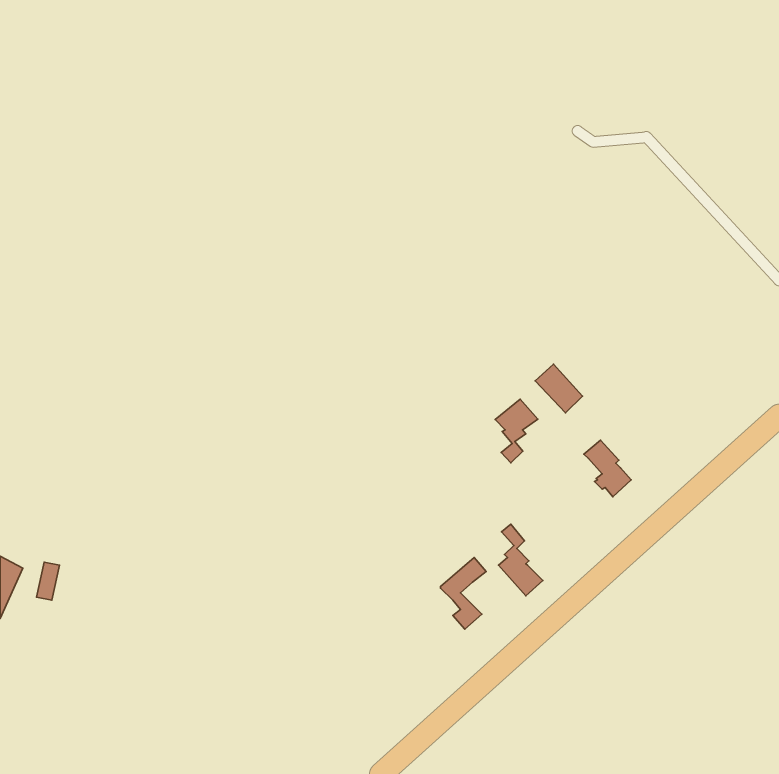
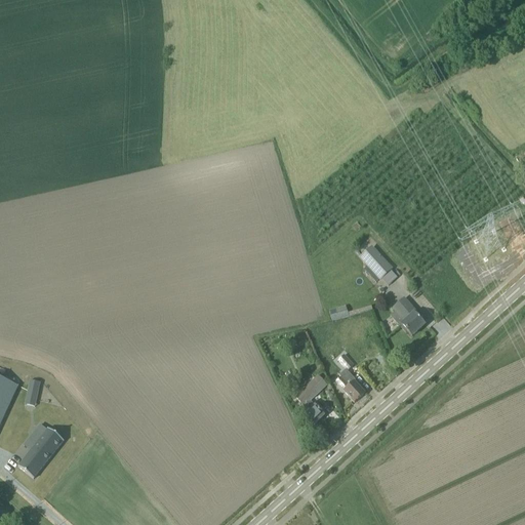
building: [495,399,538,463] -> none
building: none -> [16,422,62,478]

